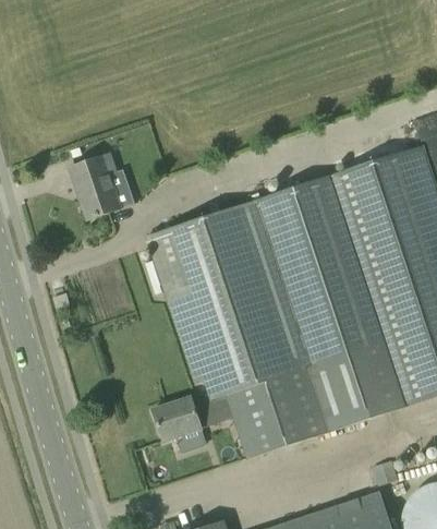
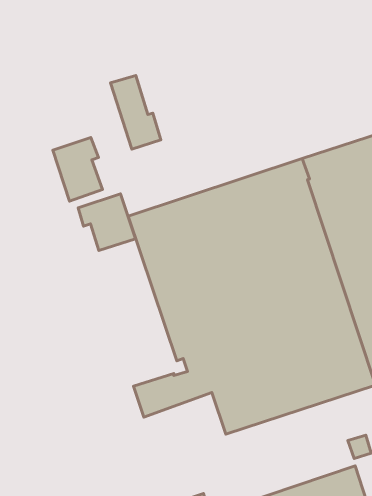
building: none -> [110,76,161,149]
building: none -> [78,194,136,251]

